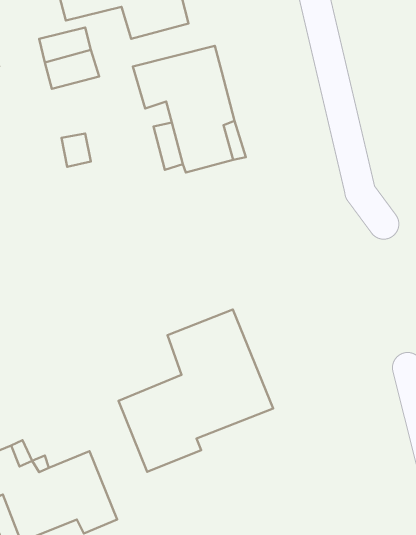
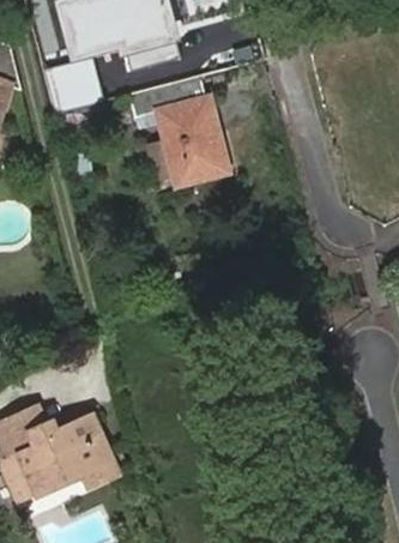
building: [119,309,273,472] -> none

